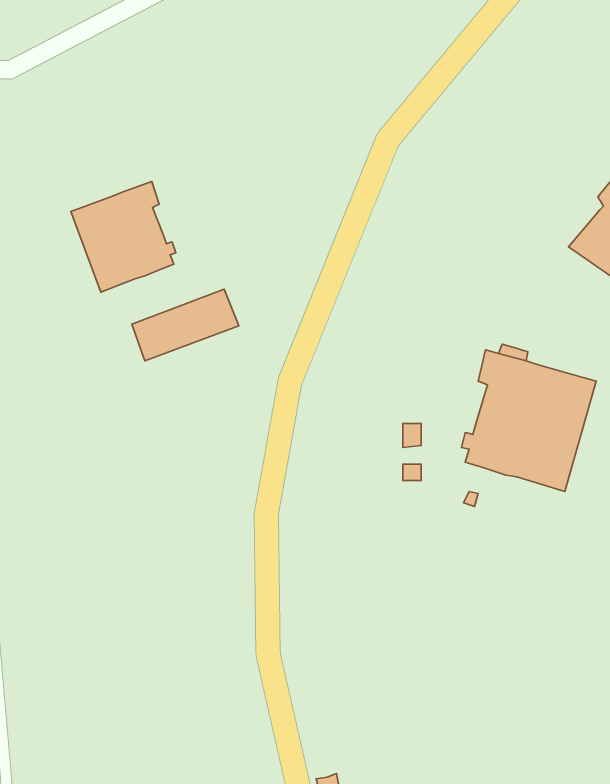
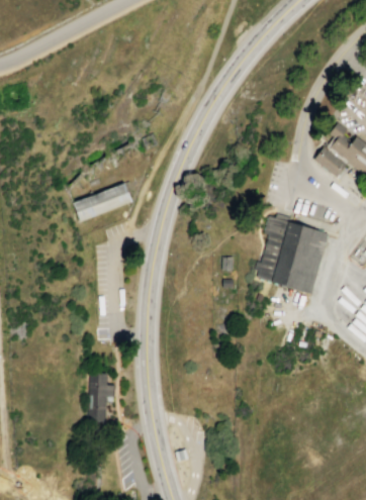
building: [71,181,176,292] -> none
building: none -> [88,372,116,420]

